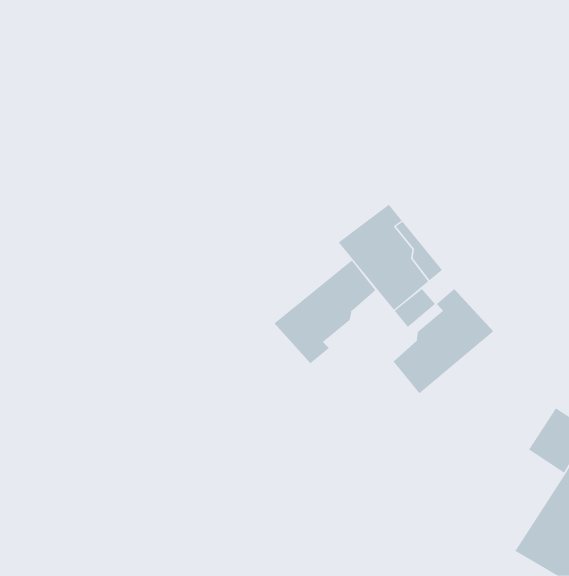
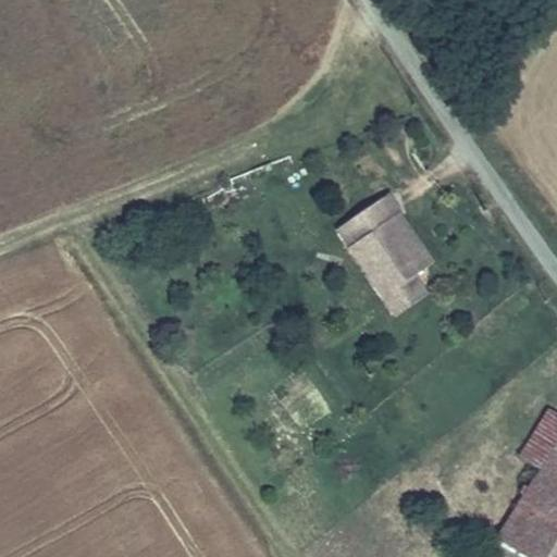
building: [274,259,376,364] -> none
building: [393,288,494,394] -> none

